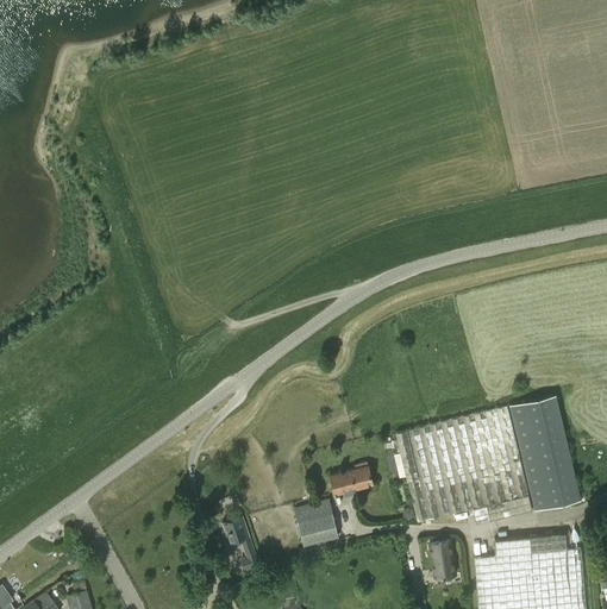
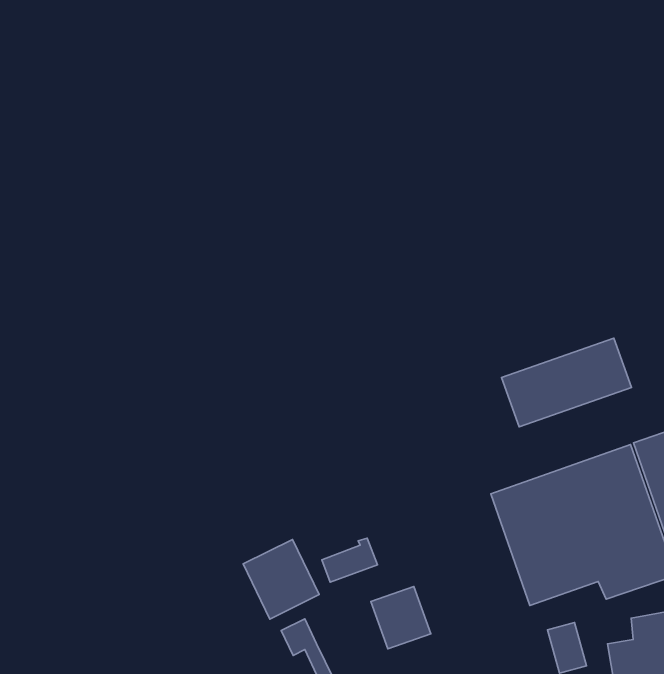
building: none -> [501,338,631,427]
building: none -> [243,540,319,619]
building: [330,464,373,495] -> [322,538,378,582]

